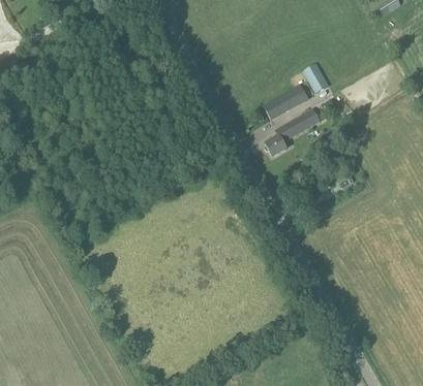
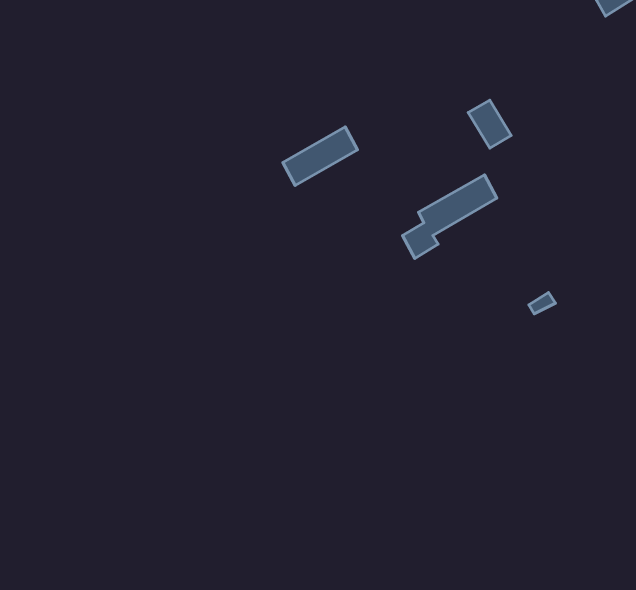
building: [263,84,306,118] -> [283,127,358,186]

